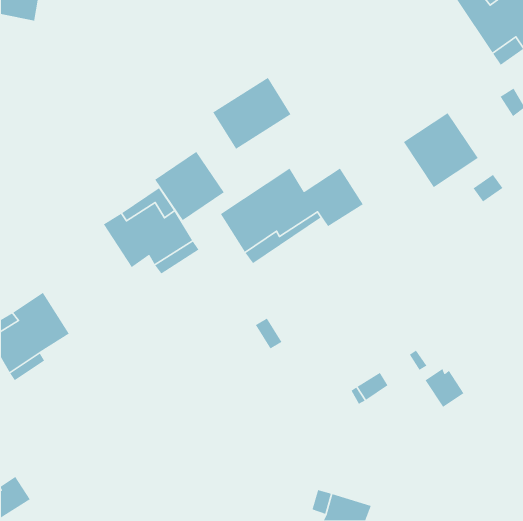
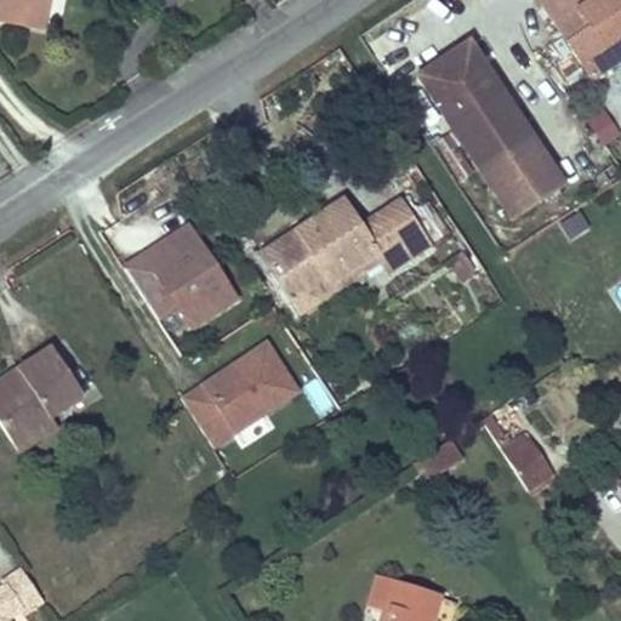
building: none -> [416,38,531,167]
building: [212,77,292,150] -> none
building: [154,151,225,221] -> none
building: none -> [181,340,298,445]

